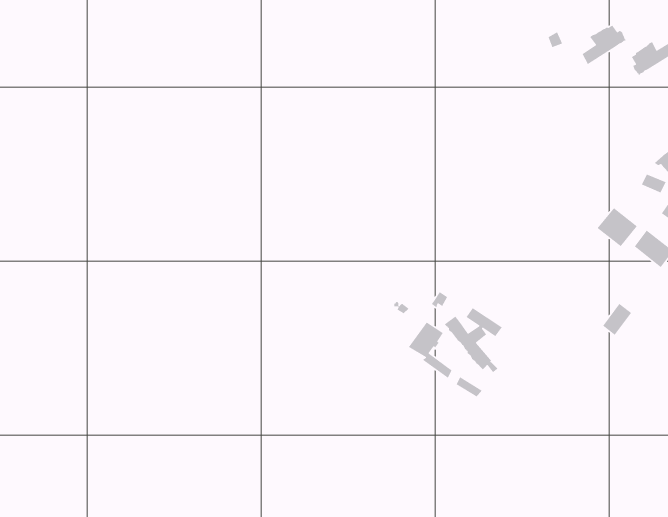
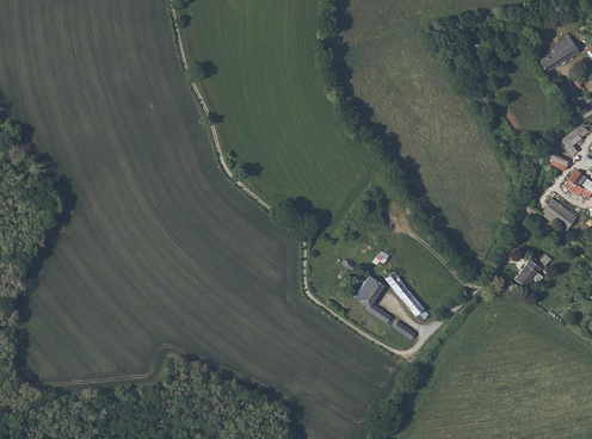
building: [581,24,627,65] -> none
building: [597,207,638,247] -> none

